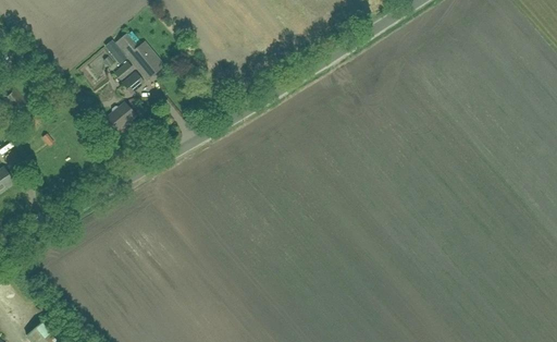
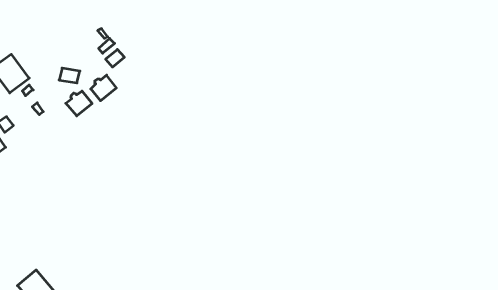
building: [120,40,161,80] -> none
building: none -> [66,91,92,116]

